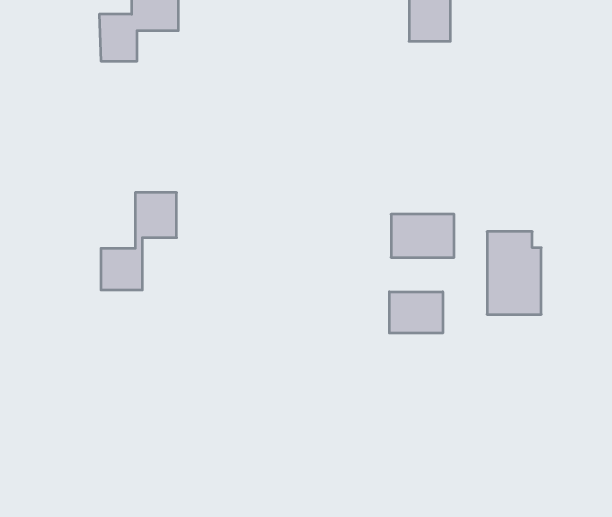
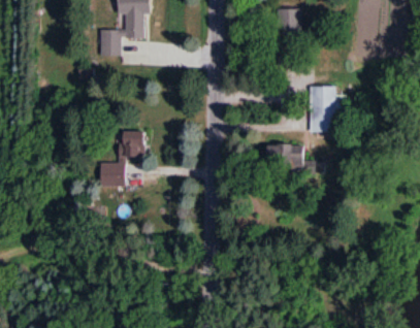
building: [487,232,541,314] -> [310,85,341,132]
building: [389,292,443,333] -> none

